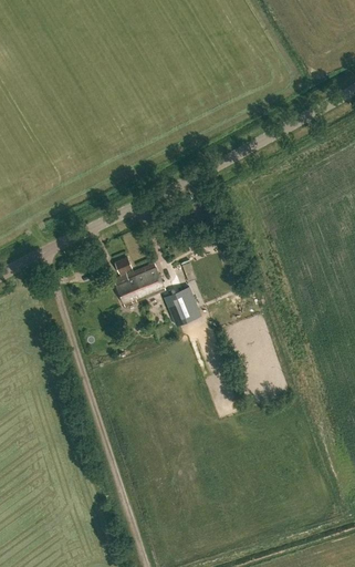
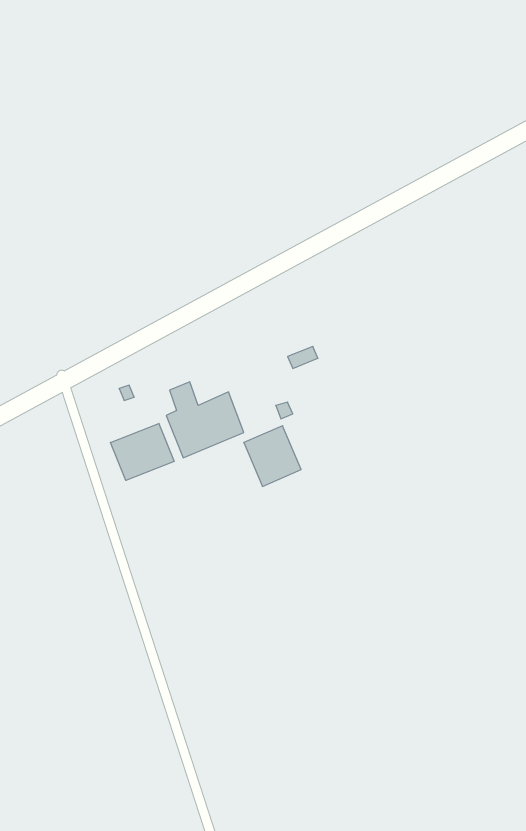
building: none -> [110,423,174,480]

